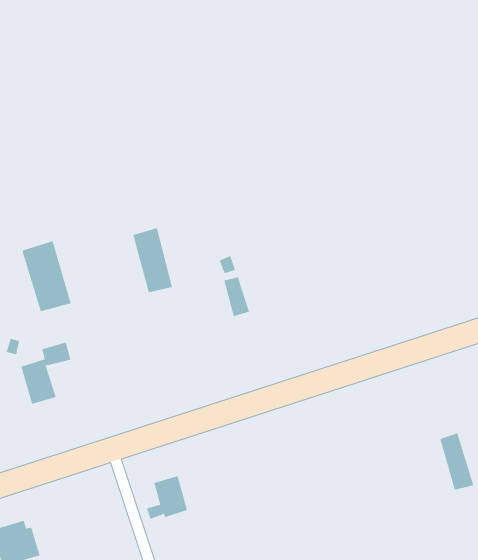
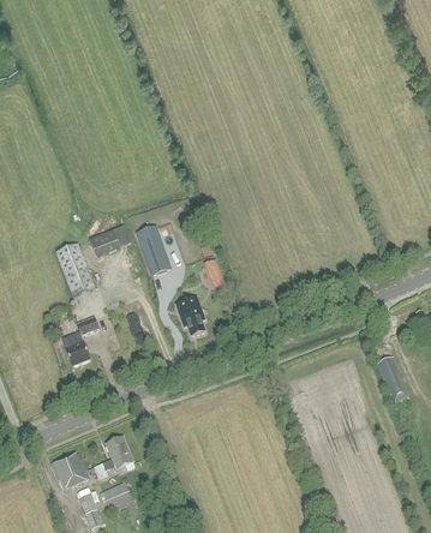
building: none -> [92,224,134,254]
building: none -> [174,295,205,336]
building: [146,475,188,520] -> [101,436,132,471]

